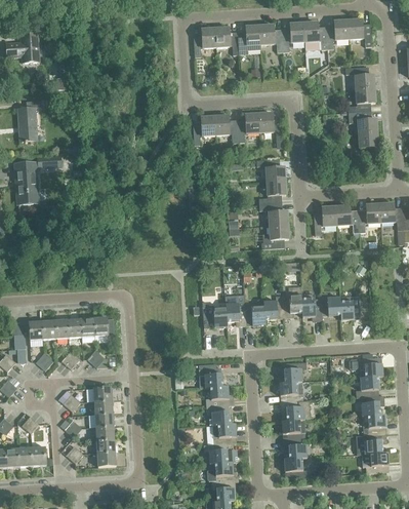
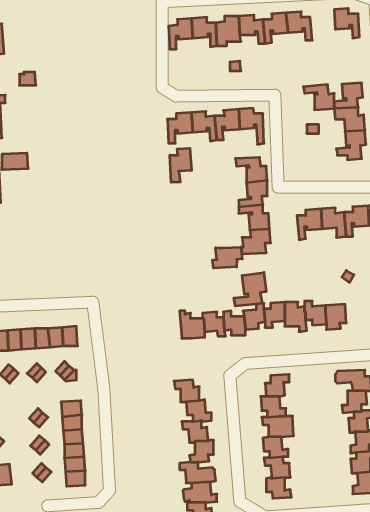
building: [325,19,349,48] -> none
building: [344,66,373,89] -> [303,85,334,110]
building: none -> [170,148,192,182]
building: none -> [213,247,242,268]
building: none -> [234,272,266,306]

